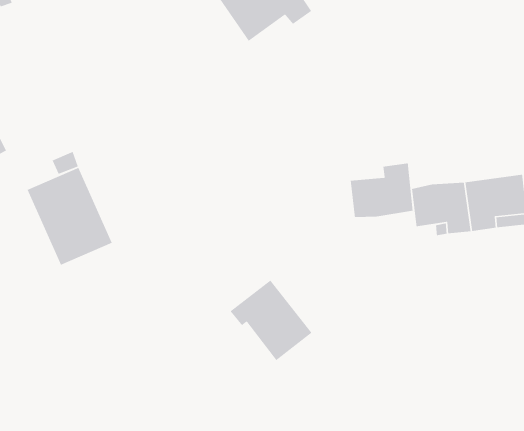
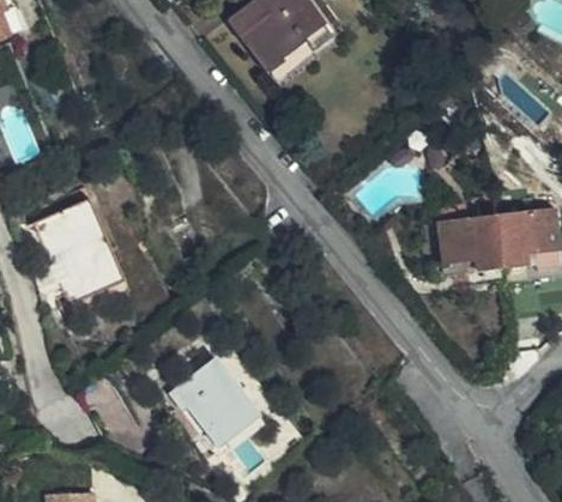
building: [350,162,413,218] -> none
building: [229,279,312,361] -> [170,361,258,447]

